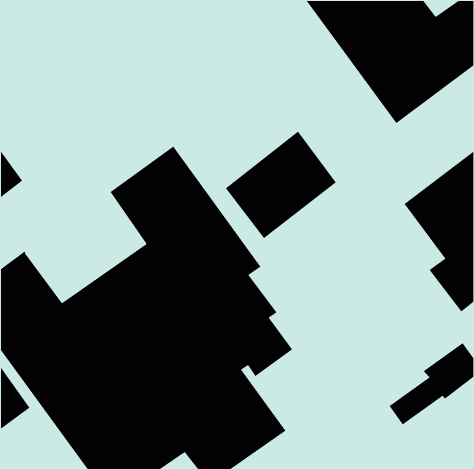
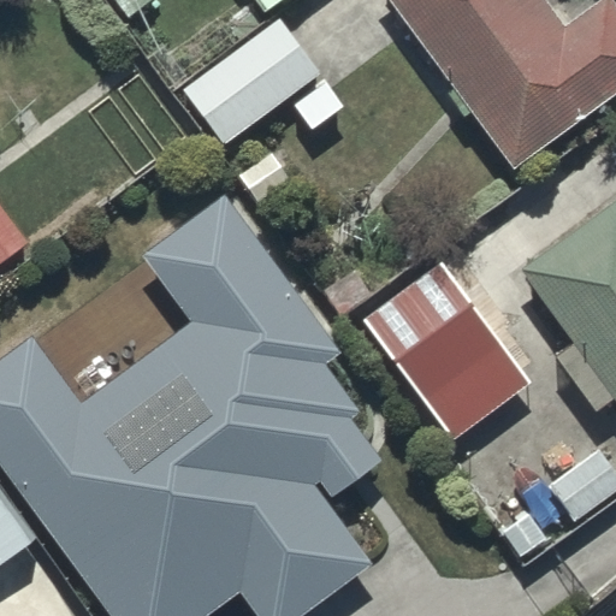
building: none -> [183,19,321,146]
building: [225,131,337,239] -> [362,248,508,389]

